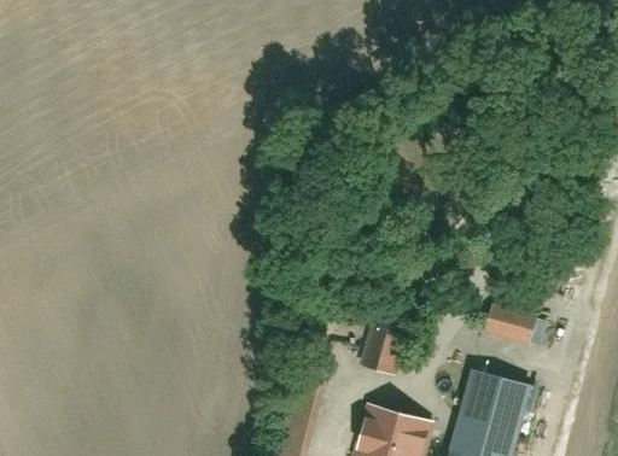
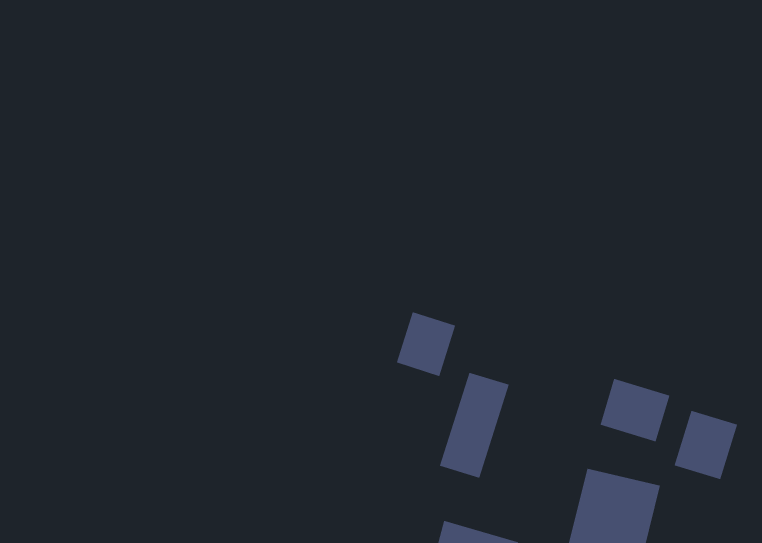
building: none -> [396,311,456,377]
building: none -> [673,410,738,480]

